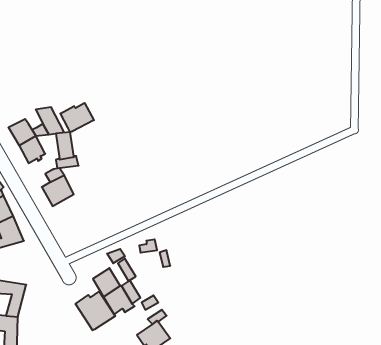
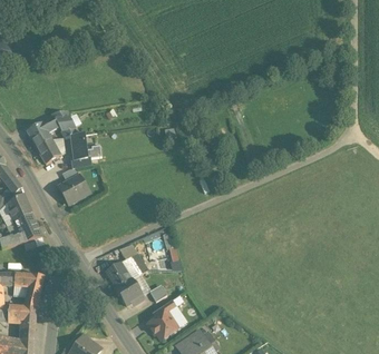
building: [60,103,94,132] -> none
building: [76,292,115,330] -> none

